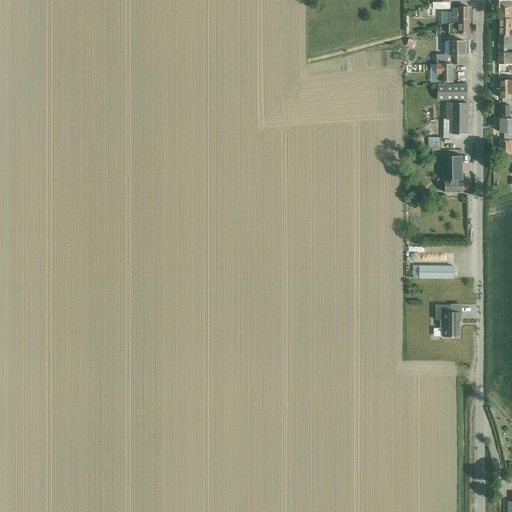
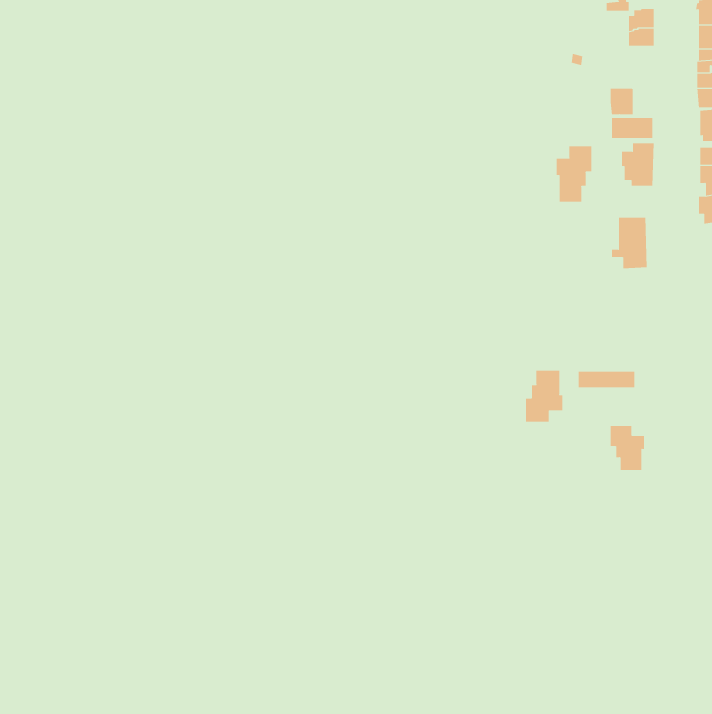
building: [438,40,466,63] -> none
building: none -> [556,145,592,203]
building: none -> [525,370,563,423]

